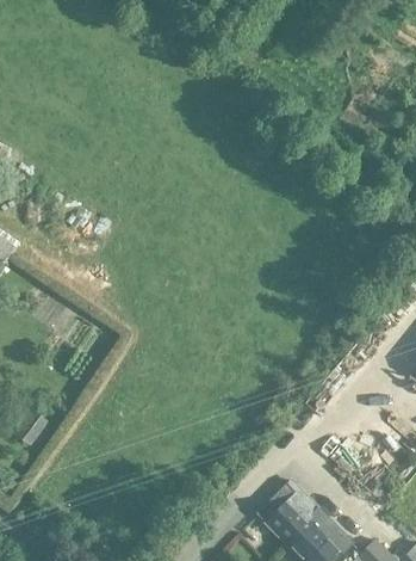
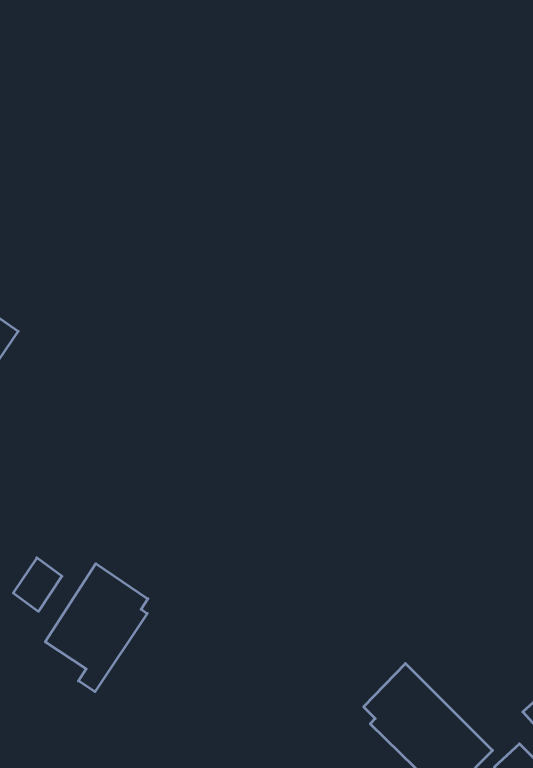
building: none -> [45,564,148,692]

